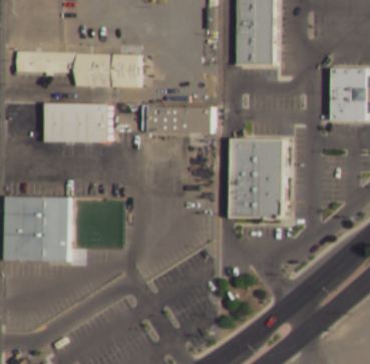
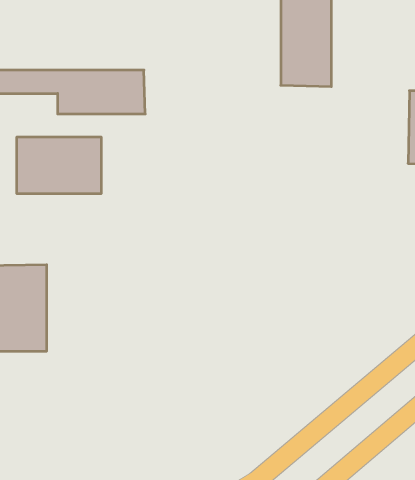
building: [147,106,211,132] -> none
building: [231,139,284,221] -> none

